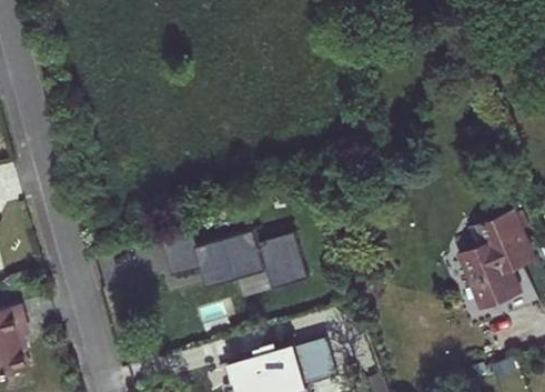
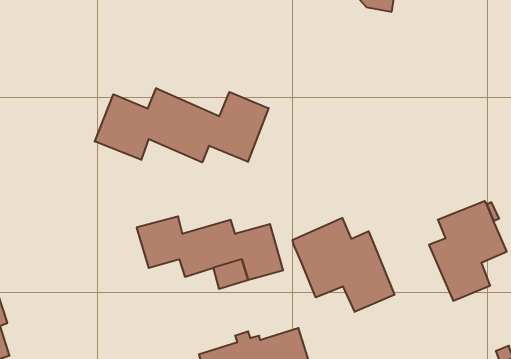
building: none -> [95,88,269,162]
building: none -> [293,218,394,312]

